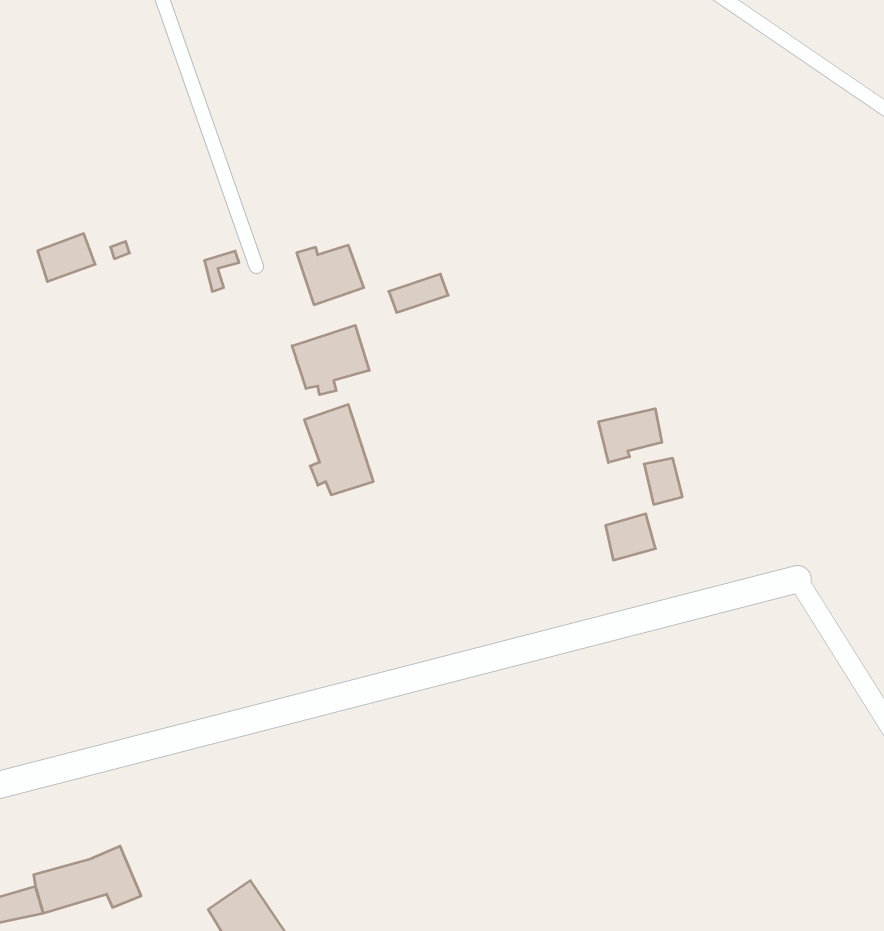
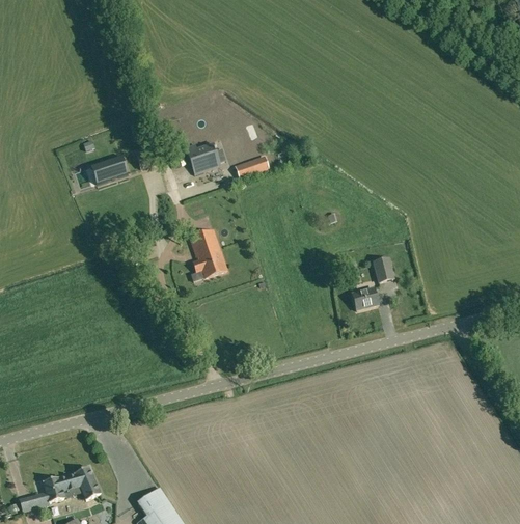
building: [38,234,95,282] -> [97,156,128,182]
building: [292,325,369,395] -> none
building: [599,409,662,463] -> none

